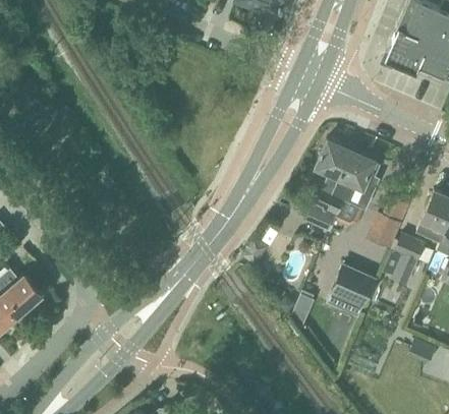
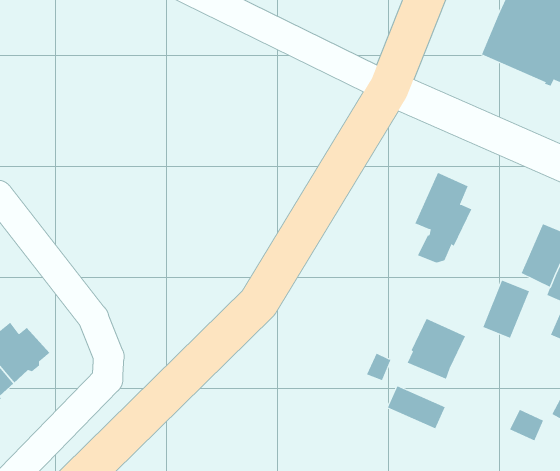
building: [304,140,351,231] -> none
building: [366,212,401,247] -> none
building: none -> [387,385,445,429]

